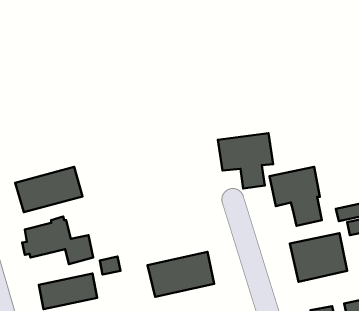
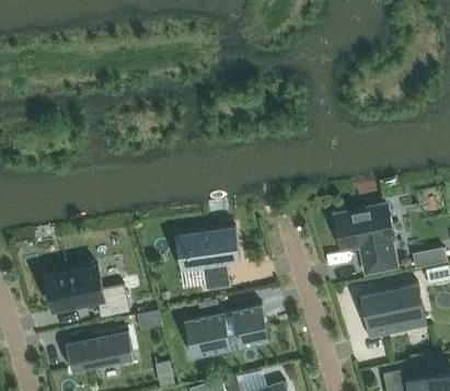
building: [218,133,273,188] -> [175,227,240,291]
building: [15,167,82,212] -> none

